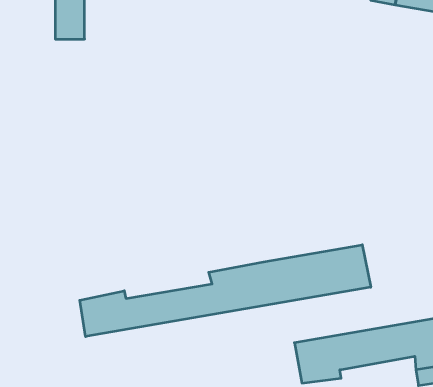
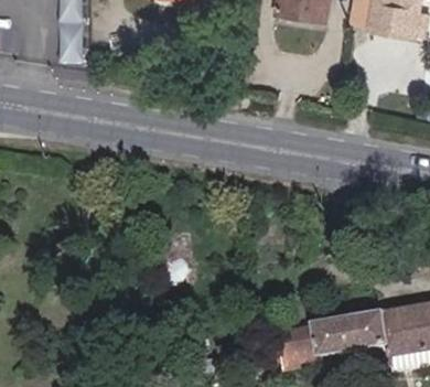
building: [80,245,371,337] -> none

